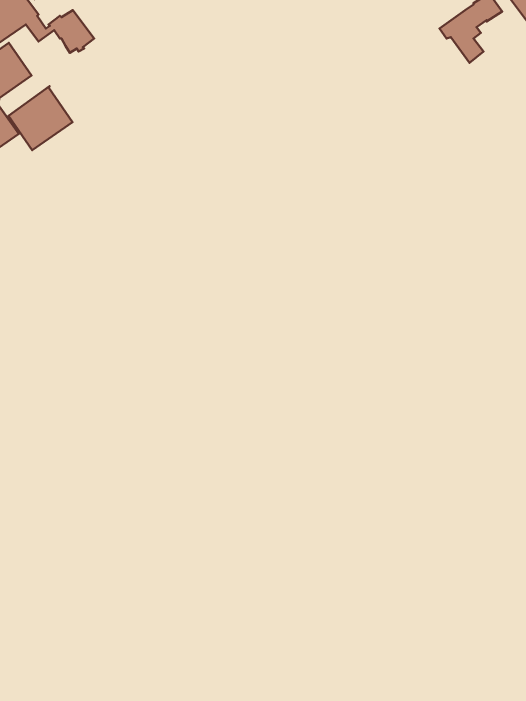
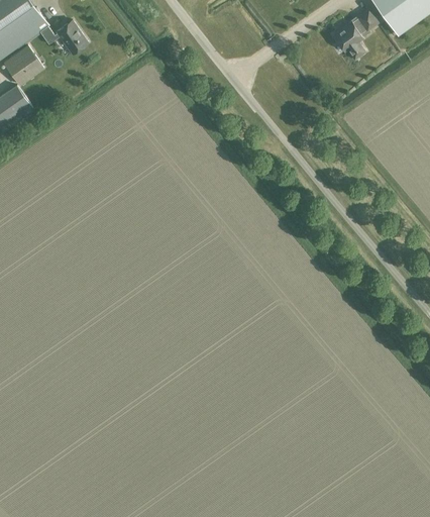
building: [8,86,73,150] -> none

